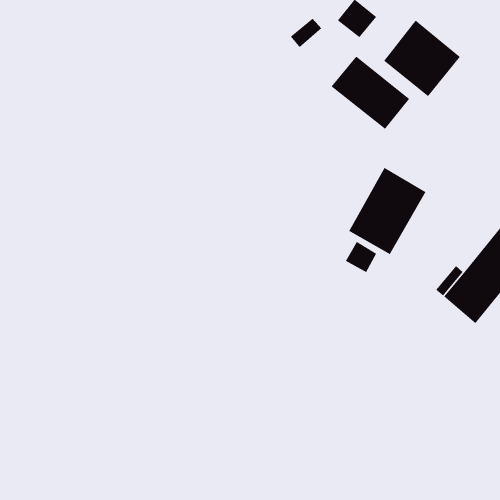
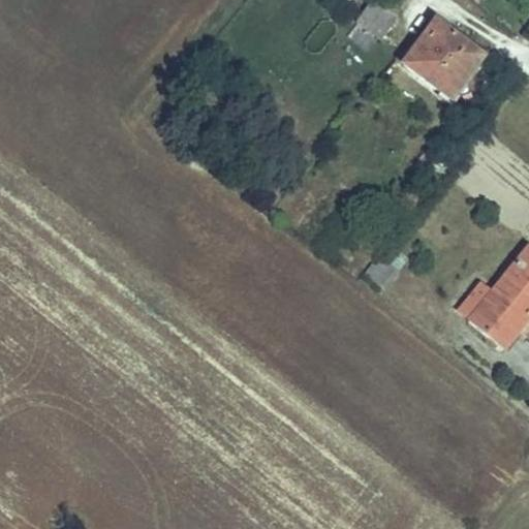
building: [330,56,410,130] -> none
building: [348,167,426,255] -> none

